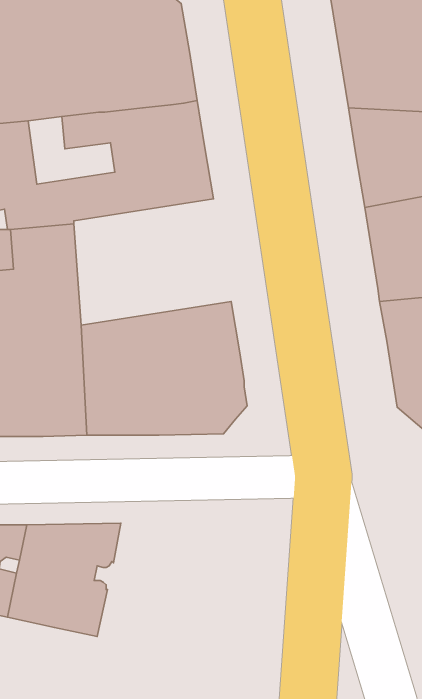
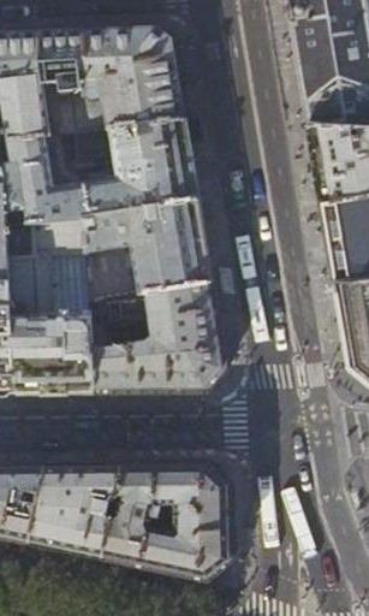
building: none -> [83,194,212,297]
building: none -> [102,458,231,575]

